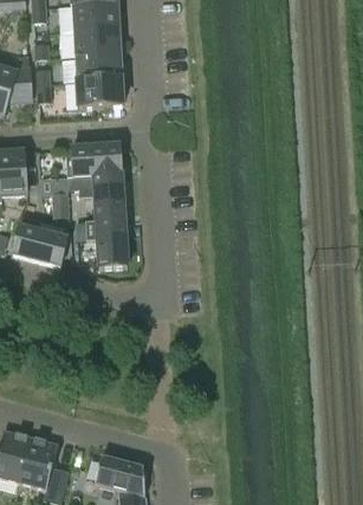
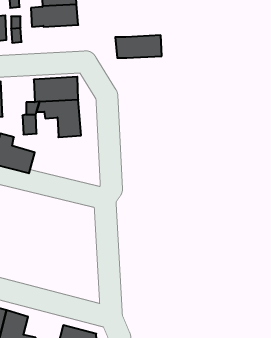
building: [64,79,122,108] -> [115,35,162,58]
building: [85,218,127,267] -> none

